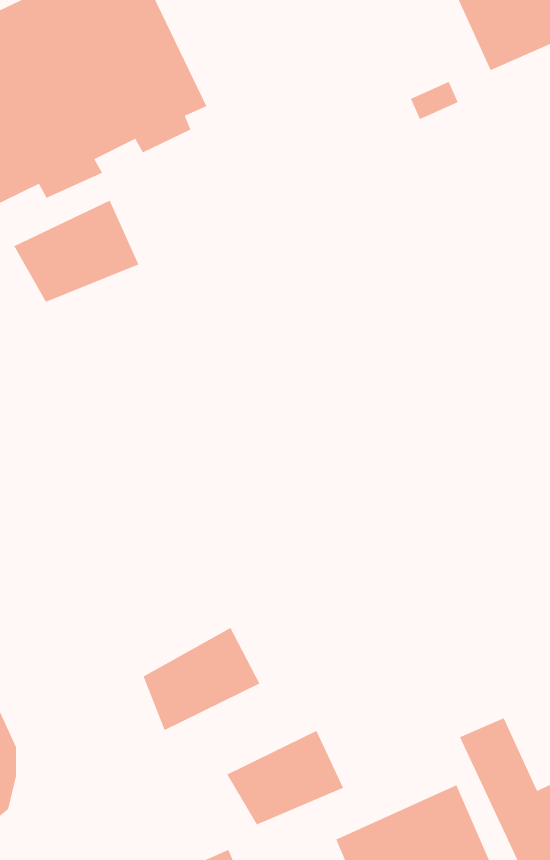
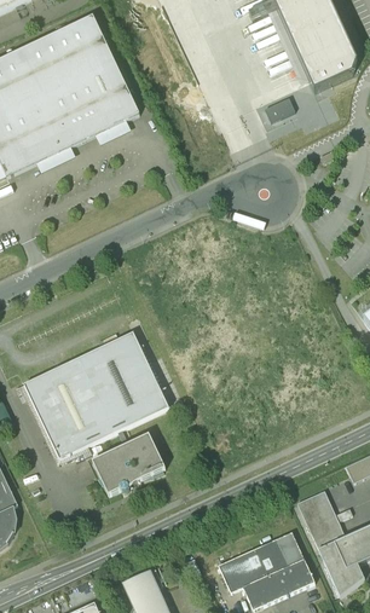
building: [13,200,140,303] -> none
building: none -> [25,332,172,463]
building: [226,730,344,825] -> none

